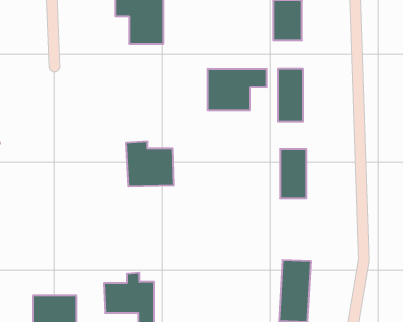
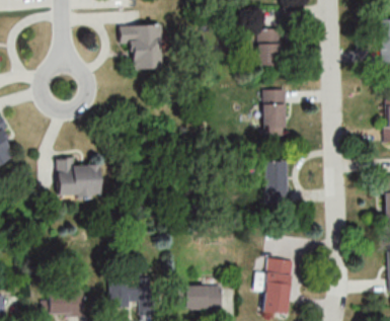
building: [208,69,267,110] -> none
building: [126,142,174,186] -> [56,158,98,197]
building: none -> [178,287,220,309]

